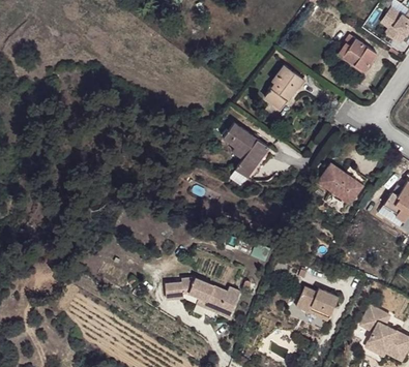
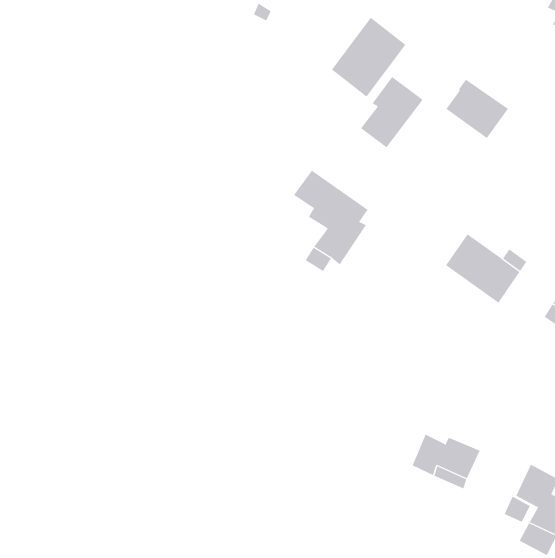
building: none -> [331,17,406,98]
building: [338,35,377,72] -> [445,79,509,139]
building: [166,277,240,314] -> none

